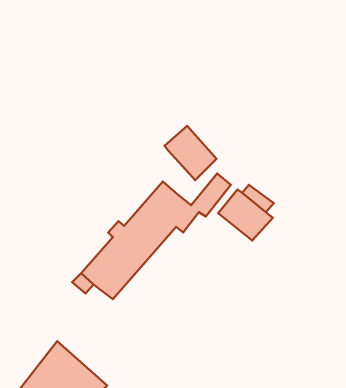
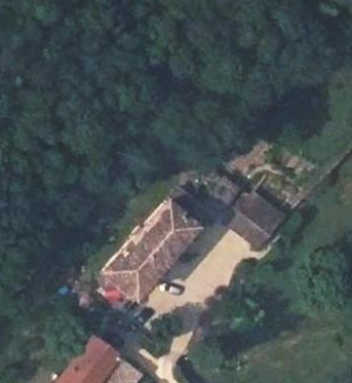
building: [164,126,217,180] -> none

